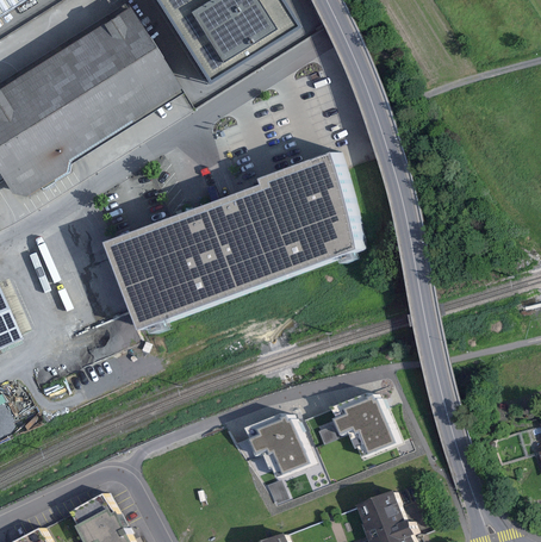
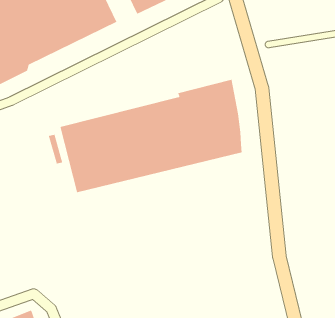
building: [328,391,398,457] -> none
building: [242,410,312,480] -> none

